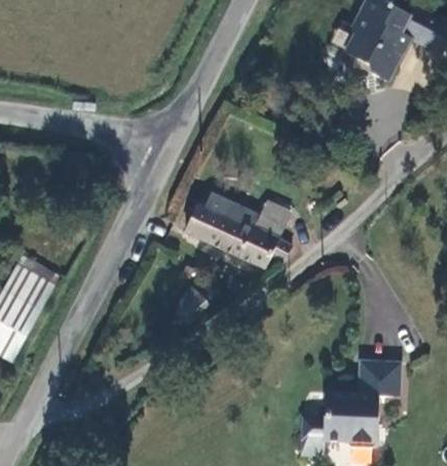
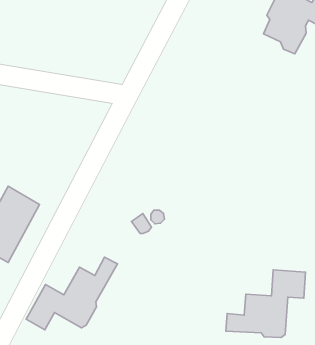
building: [183,189,295,267] -> none
building: none -> [26,257,118,330]

